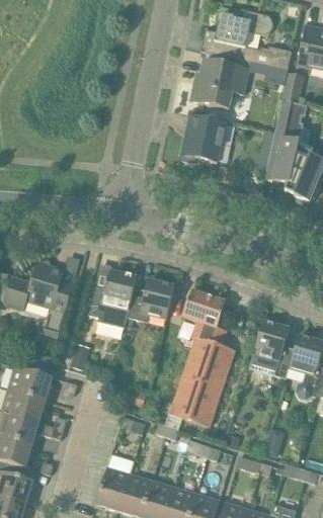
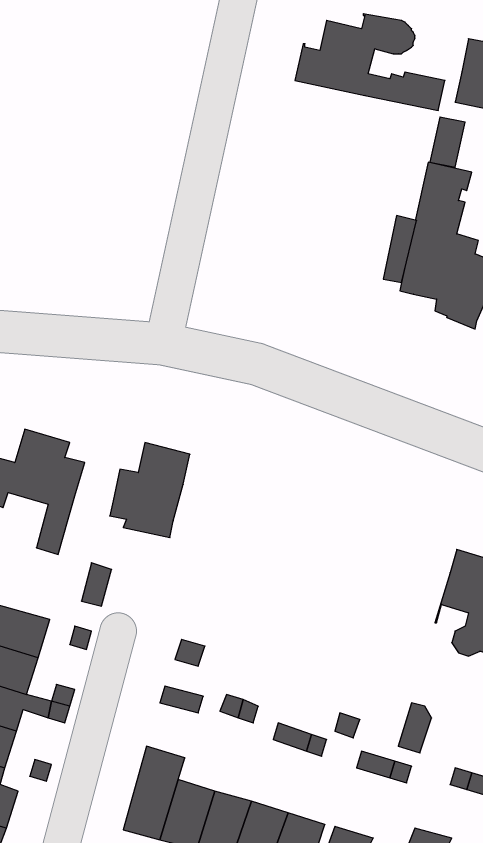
building: [190,59,249,108] -> none
building: [179,113,226,162] -> none
building: [127,278,174,321] -> none
building: [170,288,234,426] -> none
building: [249,320,295,378] -> none

